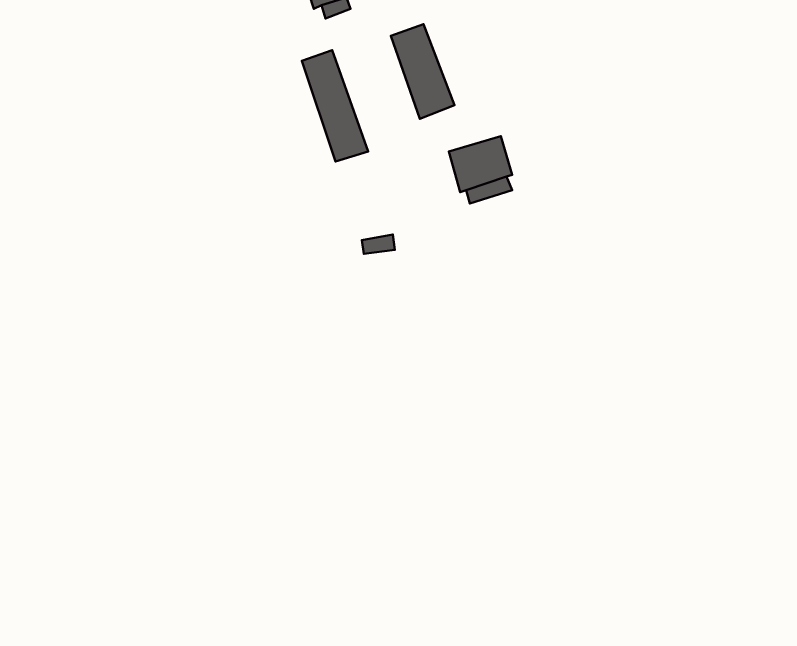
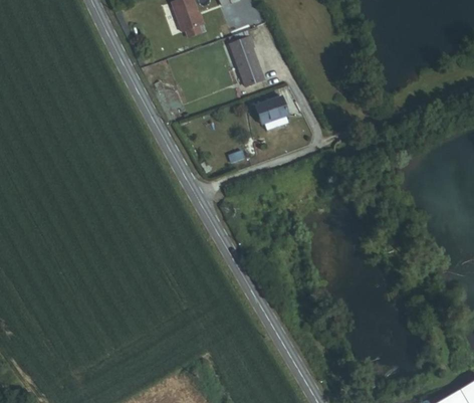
building: [302,50,368,161] -> none

